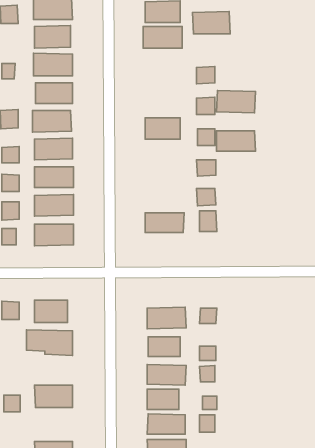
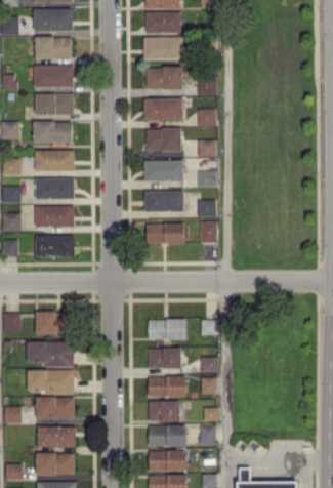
building: [192,11,230,34] -> [145,67,183,89]
building: [217,90,255,113] -> [144,98,183,121]
building: [217,131,255,151] -> [145,161,184,181]
building: none -> [145,191,183,212]
building: none -> [28,370,74,395]
building: none -> [38,426,76,448]

